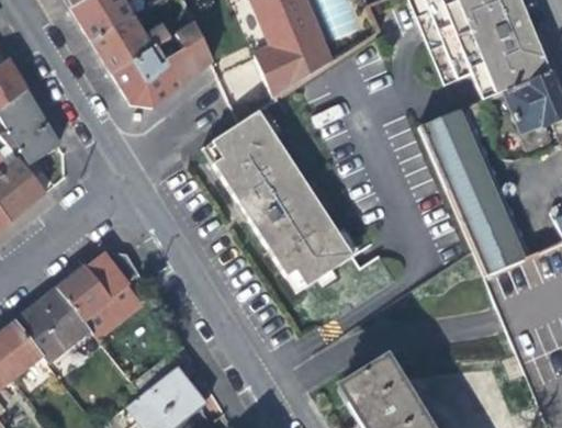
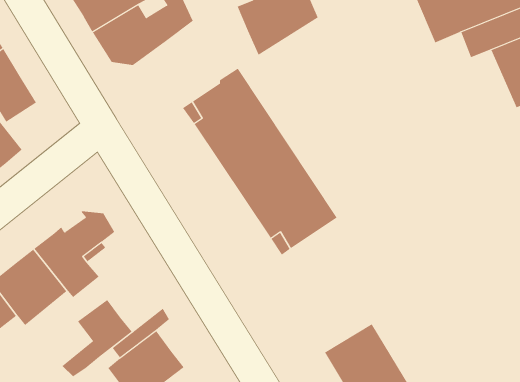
building: [423,101,525,275] -> none
building: none -> [61,299,133,377]

